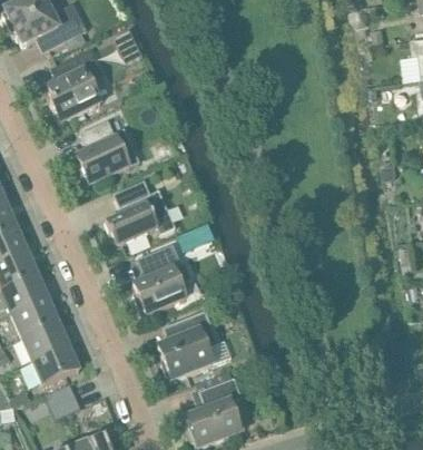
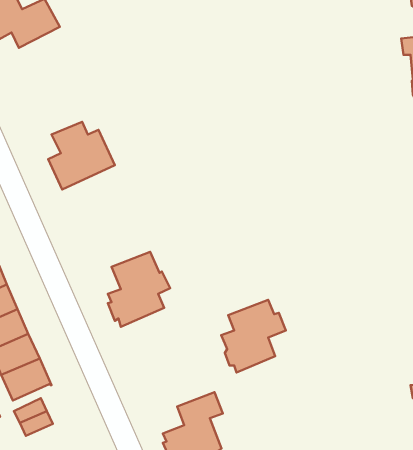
building: [46,48,102,121] -> none
building: [104,179,166,245] -> none
building: [156,311,217,380] -> [221,300,286,373]

